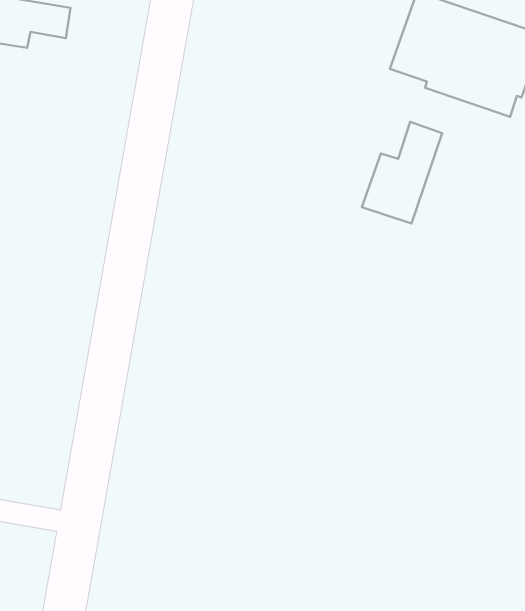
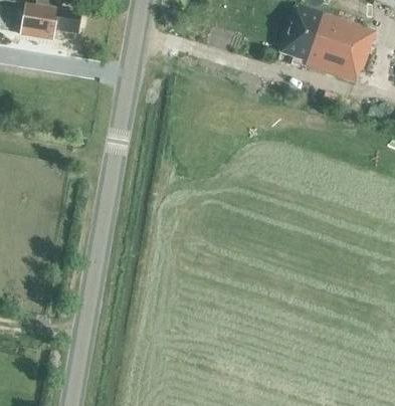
building: [362,122,442,224] -> none

